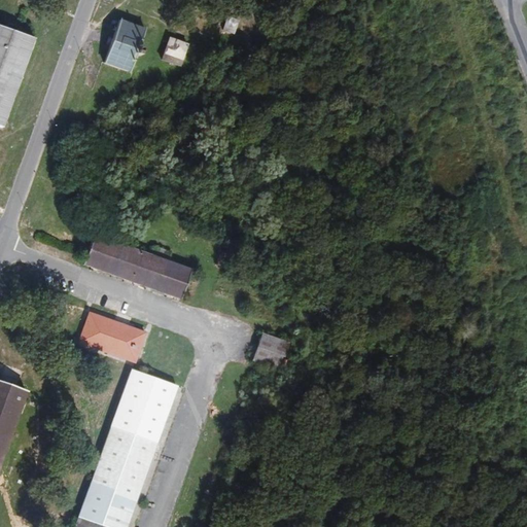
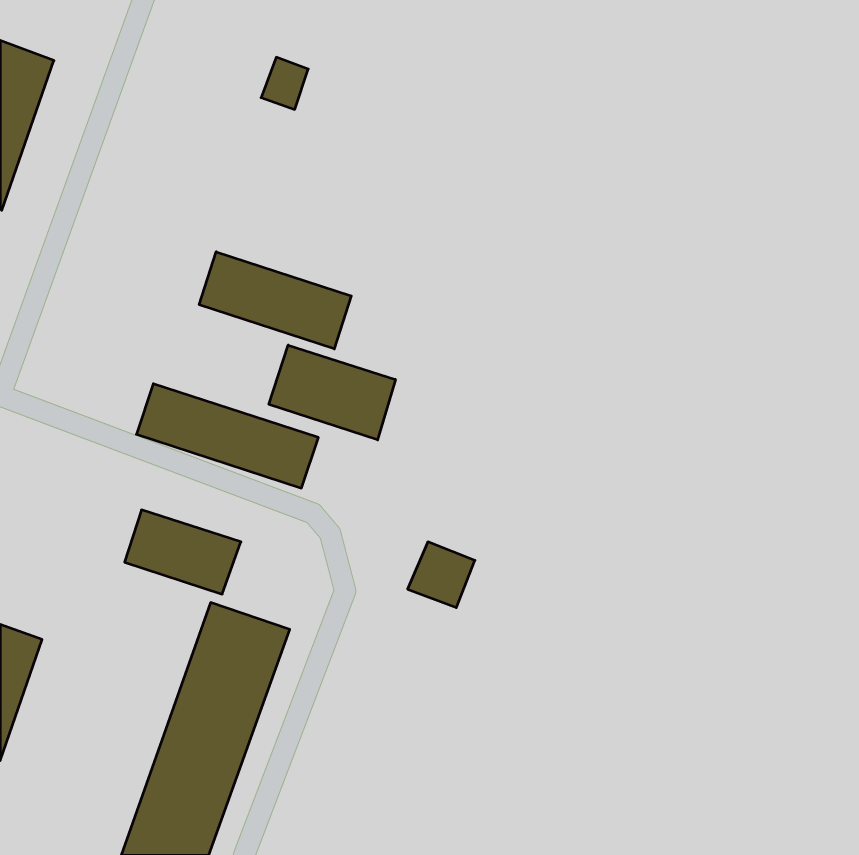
building: [104,17,146,72] -> none
building: none -> [199,252,351,349]
building: none -> [269,345,395,440]

